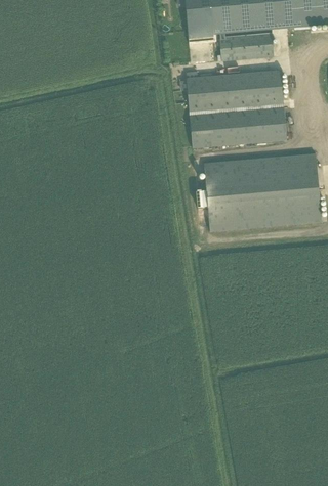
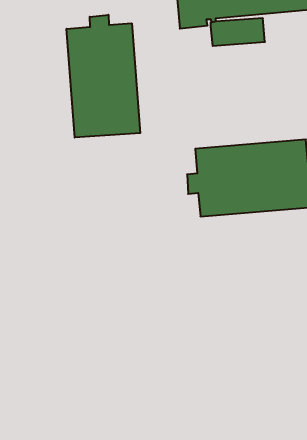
building: none -> [67,15,140,138]
building: [187,70,286,147] -> none

